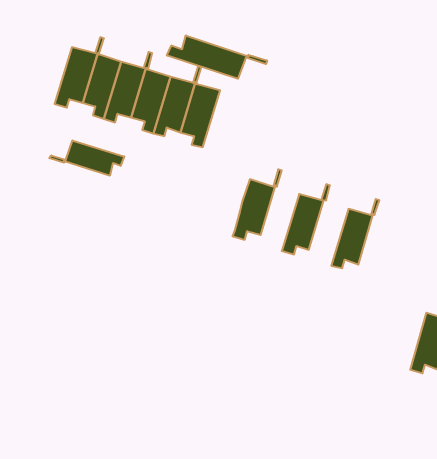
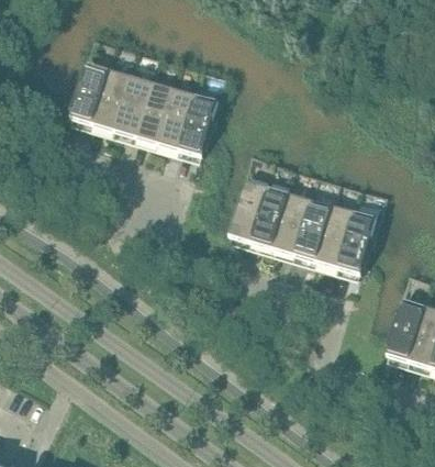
building: [167,35,267,79] -> none
building: [49,140,124,176] -> none
building: none -> [254,188,288,246]
building: none -> [297,201,332,259]
building: none -> [341,211,377,271]

